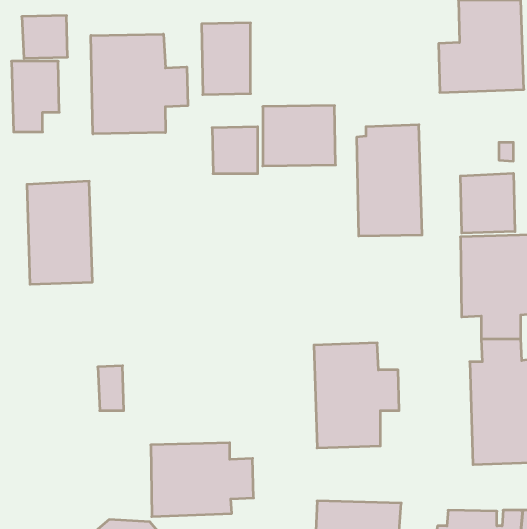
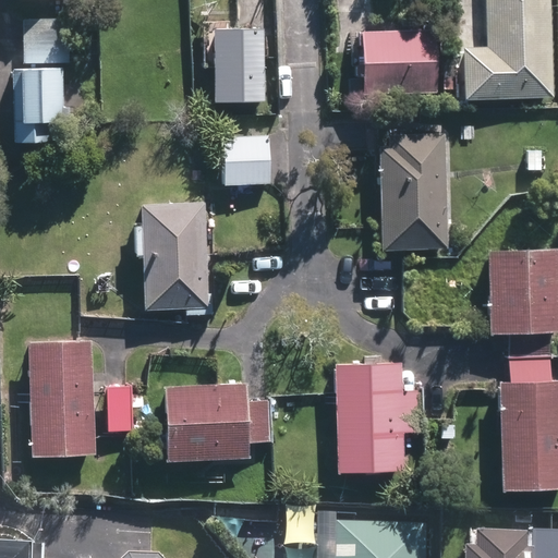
building: [91,34,188,134] -> none
building: [263,106,336,166] -> [360,31,436,94]
building: [460,173,515,233] -> none
building: [27,181,92,284] -> [144,201,213,308]
building: none -> [26,340,96,456]
building: [151,443,254,517] -> [163,384,271,461]

